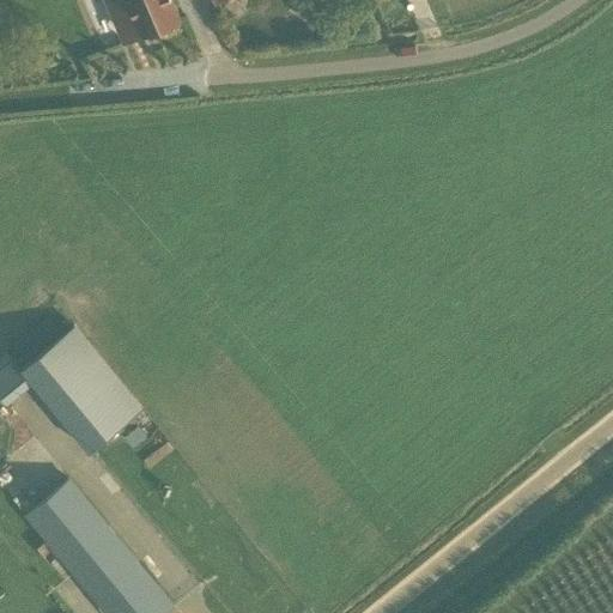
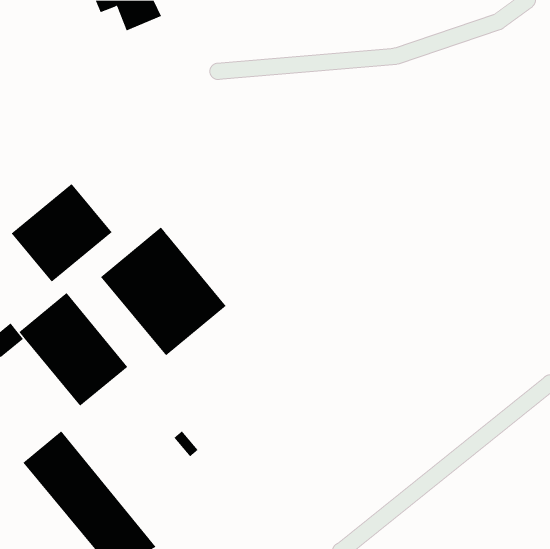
building: none -> [11,183,113,283]
building: none -> [100,227,226,356]

